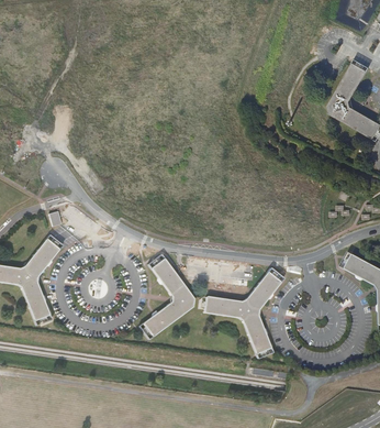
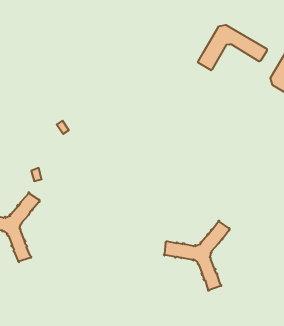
building: none -> [198,25,267,70]
building: [142,259,193,336] -> none

